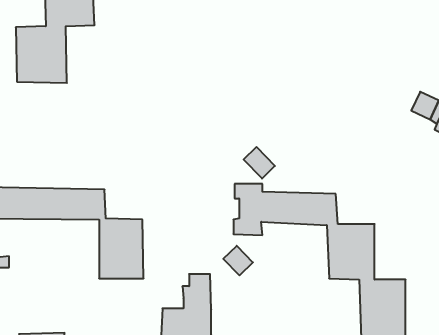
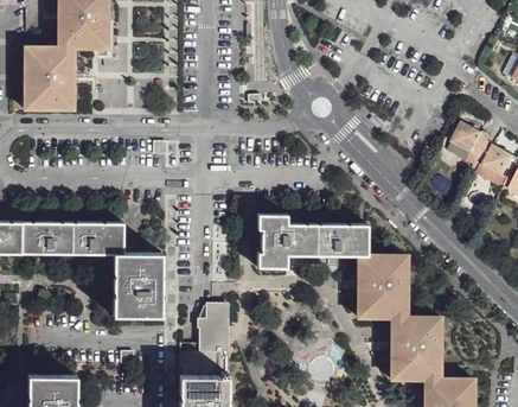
building: [244,147,275,179] -> none
building: [223,246,253,275] -> none

